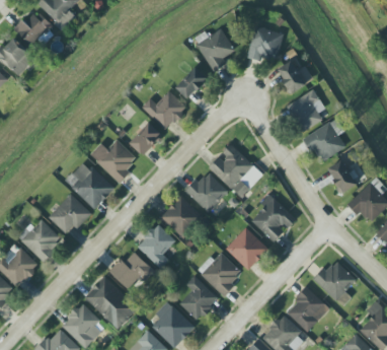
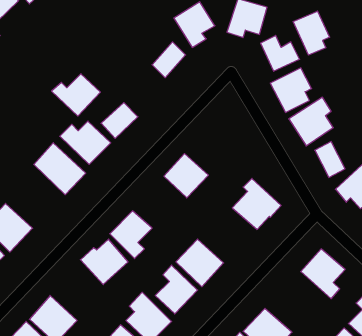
building: none -> [293,11,330,55]
building: [141,90,186,130] -> [52,74,100,116]
building: [208,143,262,198] -> none
building: [48,194,91,233] -> none
building: [160,196,202,238] -> none
building: [225,227,267,270] -> none
building: [83,276,138,329] -> none
building: [285,288,328,332] -> none

